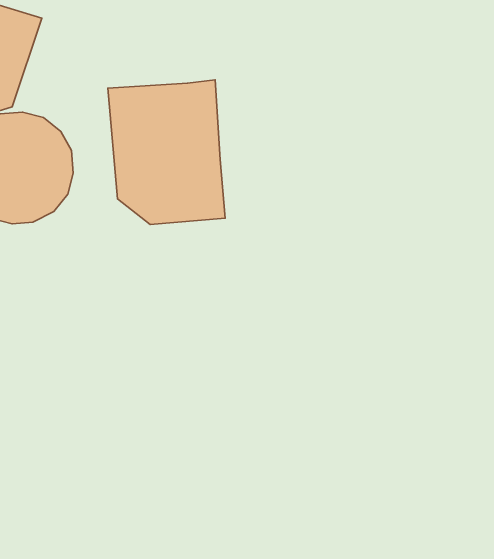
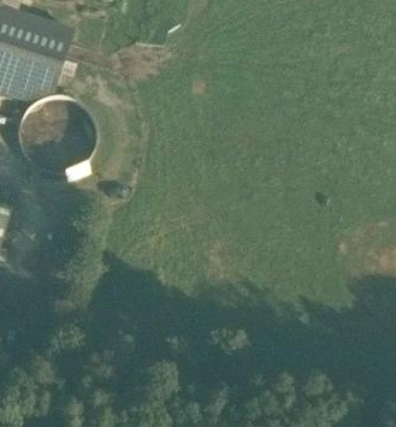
building: [108,80,225,225] -> none

